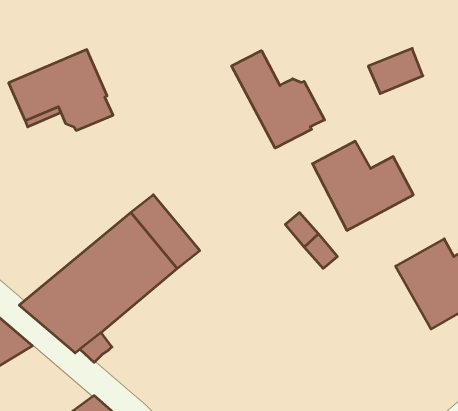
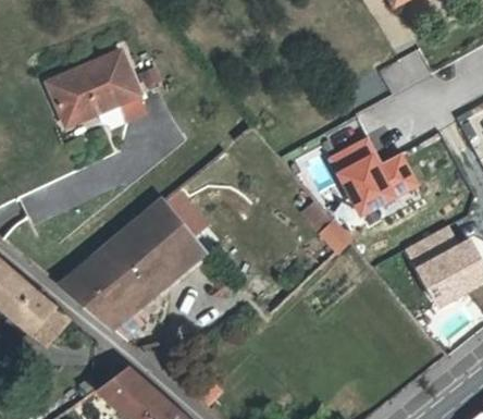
building: [232,51,325,148] -> none

